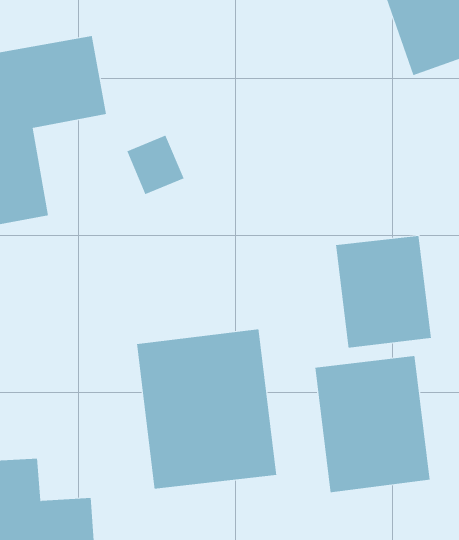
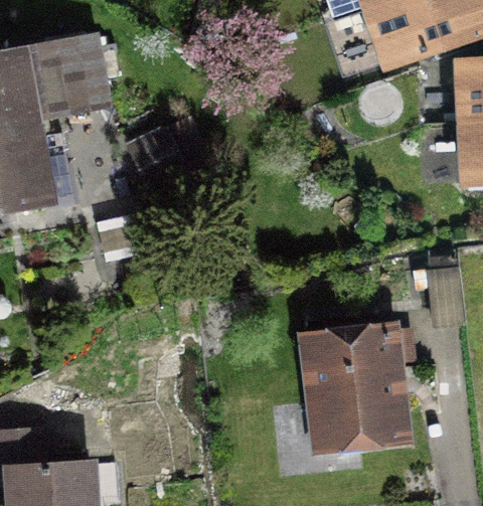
building: [335,235,431,349] -> none
building: [136,328,277,490] -> none

